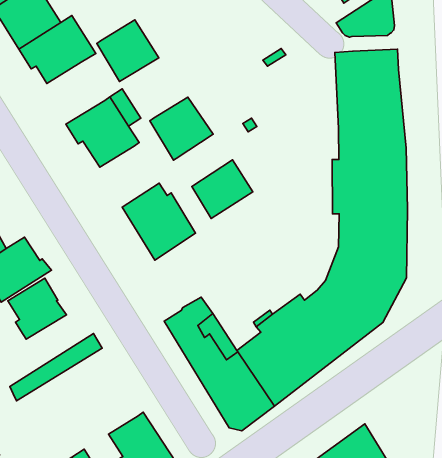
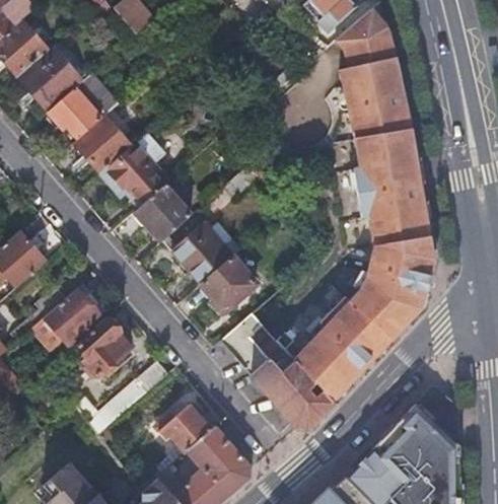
building: [97,20,159,82] -> [75,115,134,173]
building: [150,97,213,160] -> [136,184,196,243]
building: [192,160,253,218] -> [203,255,260,311]
building: none -> [157,404,210,454]

